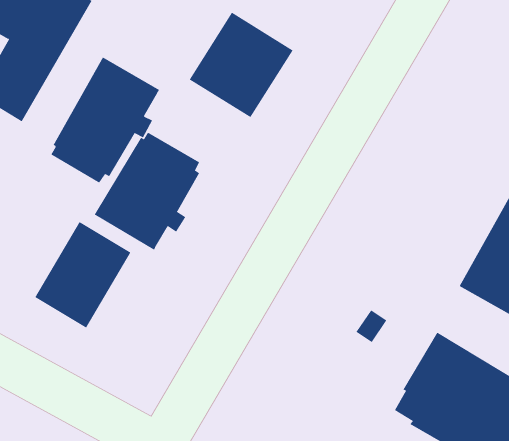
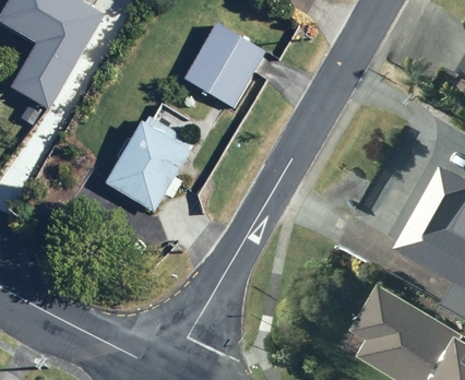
building: [51,57,160,184] -> none
building: [34,221,131,329] -> none

